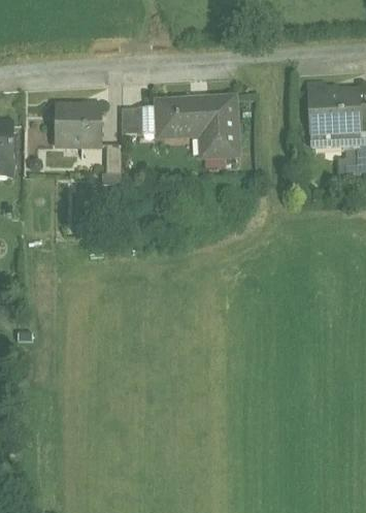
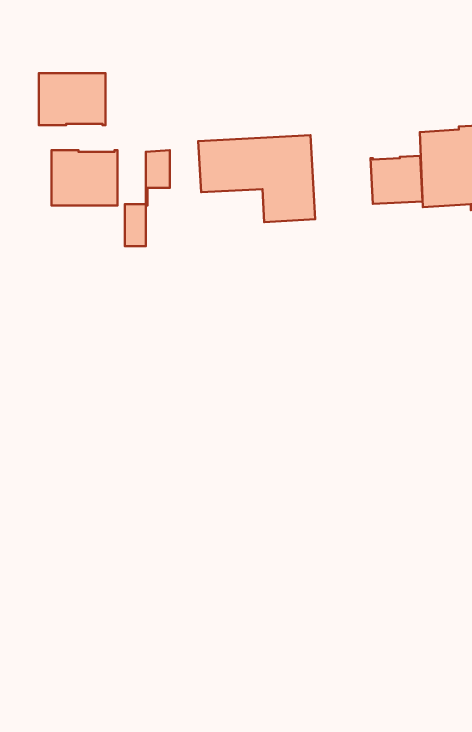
building: none -> [39,73,106,125]
building: none -> [370,156,423,204]

